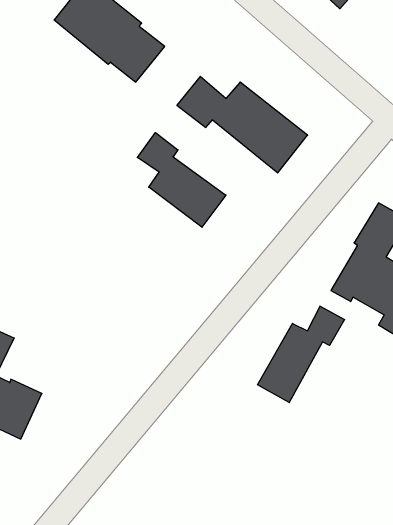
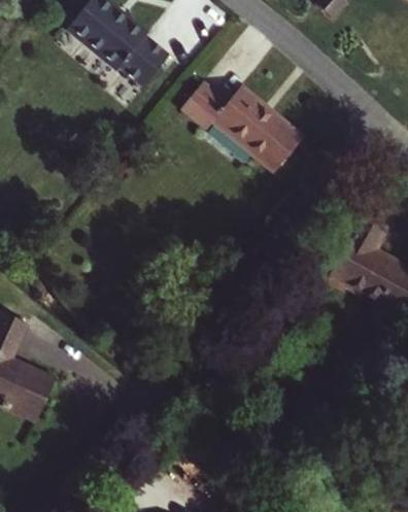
building: [137,133,226,227] -> none
building: [258,306,345,403] -> none

